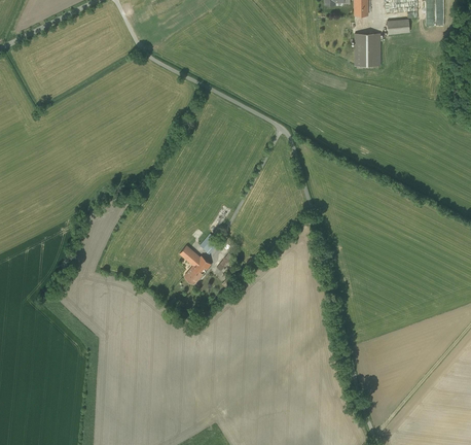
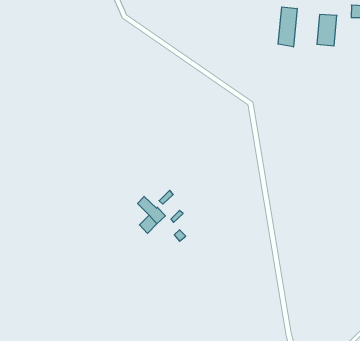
building: none -> [278,7,297,47]

